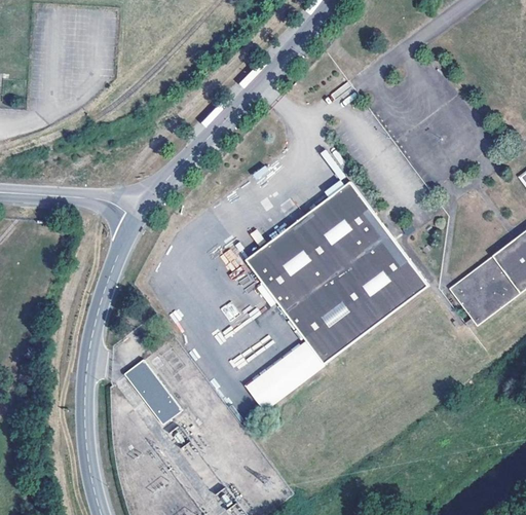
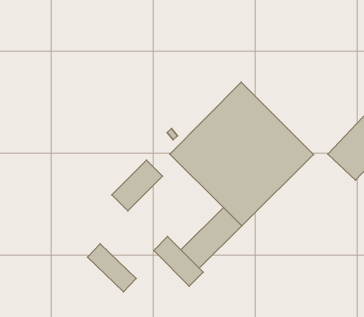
building: none -> [112,160,162,211]
building: none -> [154,237,203,286]

